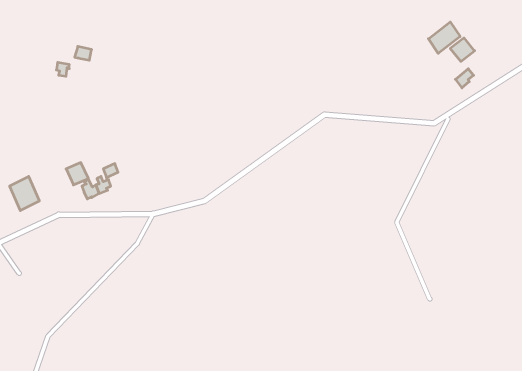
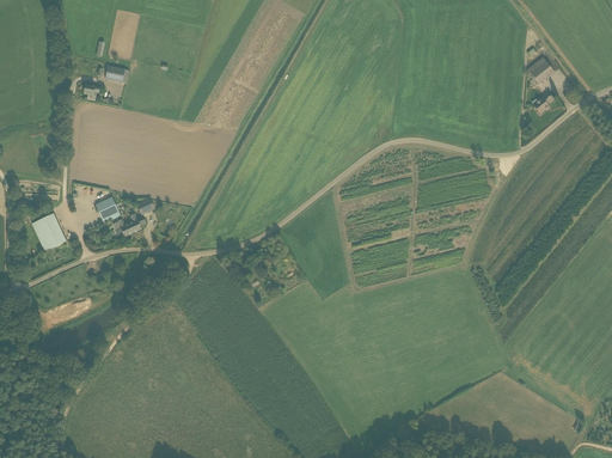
building: [428,22,460,53] -> none

